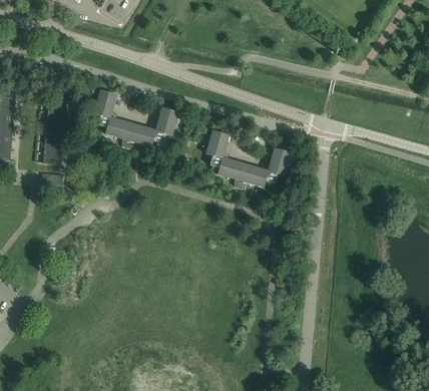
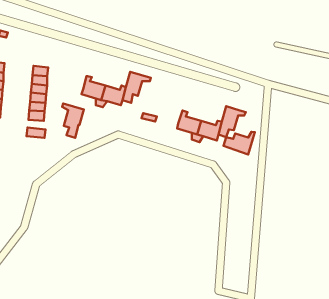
building: [91,86,116,126] -> [62,103,84,138]
building: [203,126,229,166] -> none
building: none -> [224,132,255,154]

